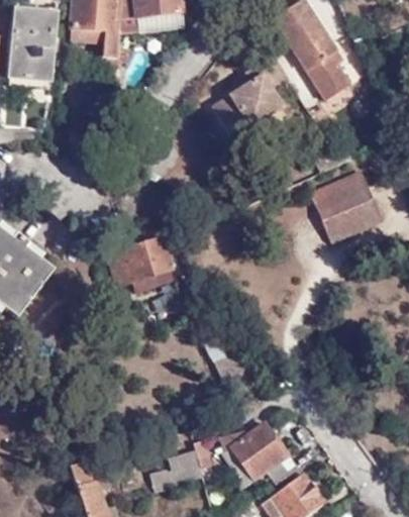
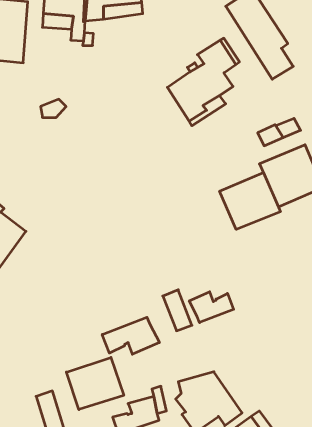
building: none -> [220,173,280,229]
building: [107,236,171,287] -> none
building: none -> [189,292,234,323]
building: none -> [102,317,159,354]
building: none -> [66,357,124,410]

